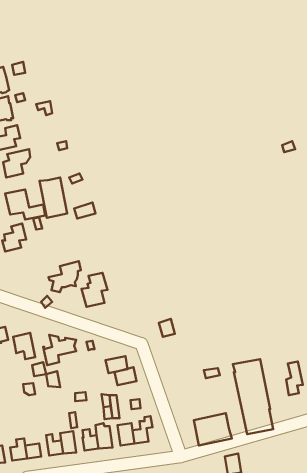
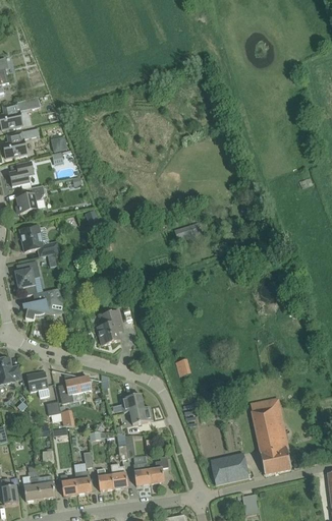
building: [39,177,67,218] -> none
building: [49,261,81,292] -> [21,288,54,320]
building: [286,362,303,395] -> none

